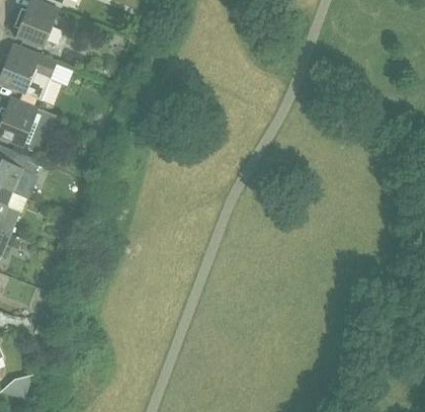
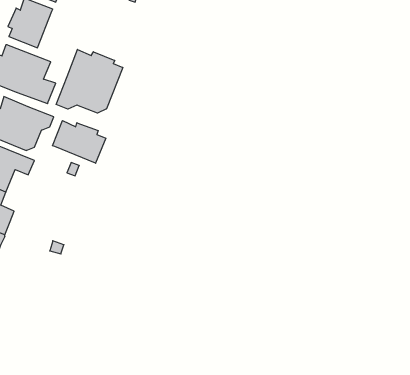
building: none -> [56,49,123,113]
building: none -> [52,121,106,163]

